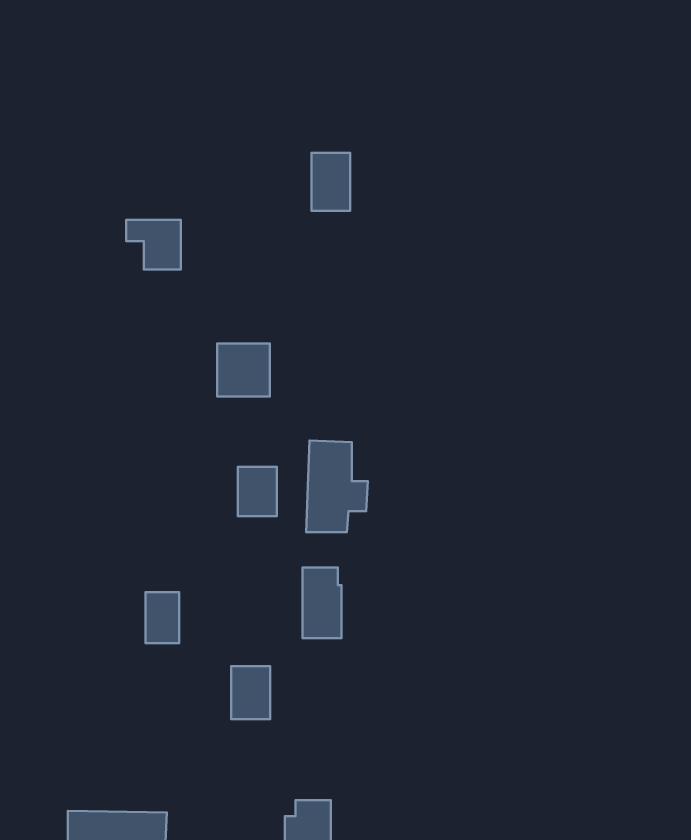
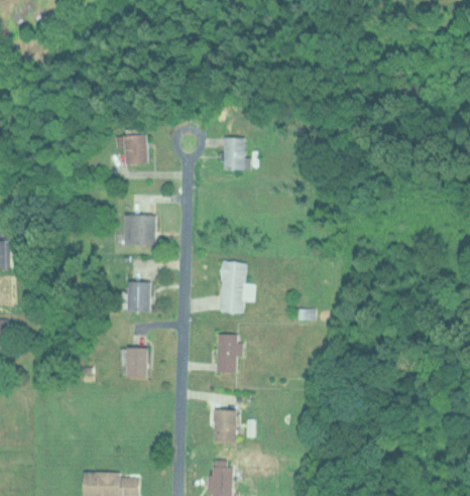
building: [311,153,350,211] -> [223,137,245,170]
building: [217,344,270,396] -> [123,215,153,245]
building: [238,467,277,516] -> [127,282,149,311]
building: [231,666,270,719] -> [214,410,236,441]

